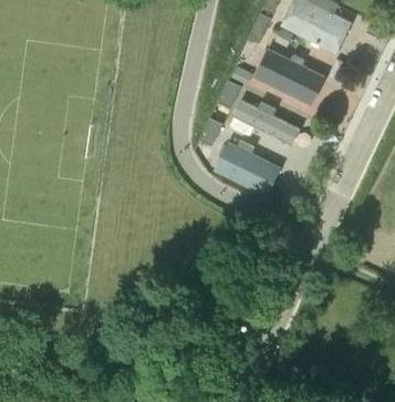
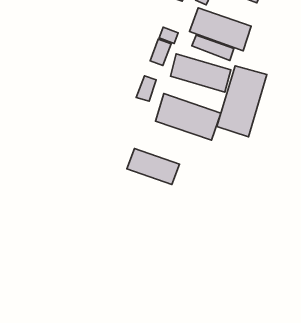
building: none -> [217,66,267,137]
building: none -> [127,148,179,185]

